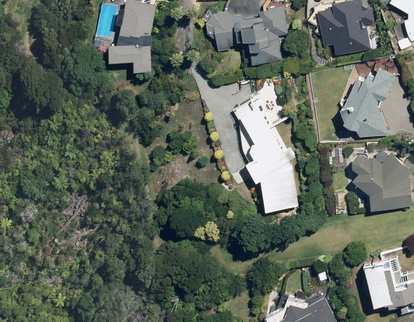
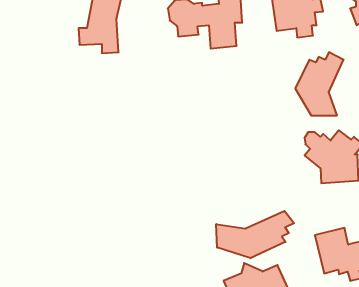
building: [234,79,298,210] -> none
building: none -> [216,211,294,258]

